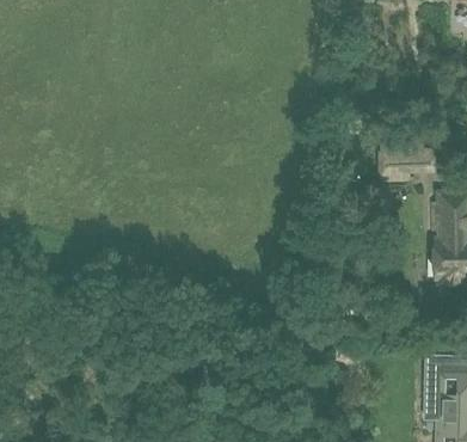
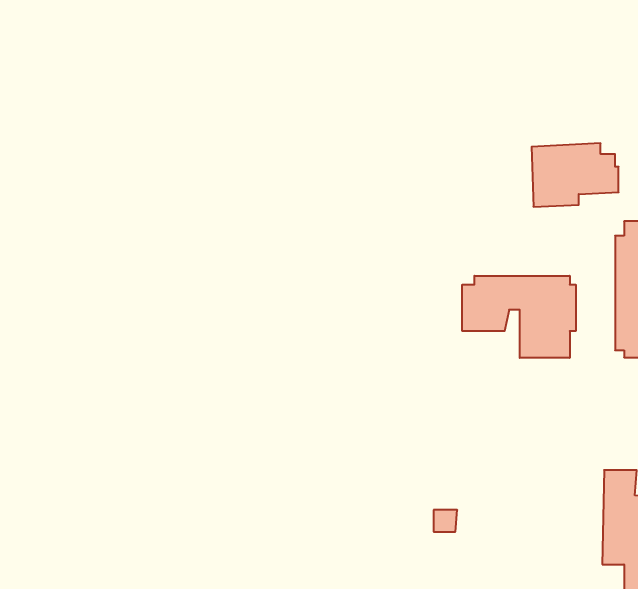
building: none -> [462,276,576,358]

